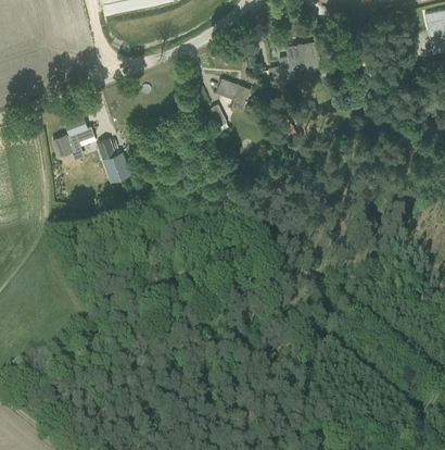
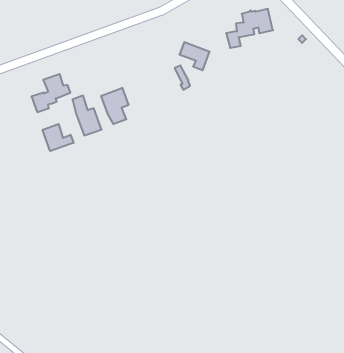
building: none -> [101,88,128,124]
building: none -> [43,124,74,151]

